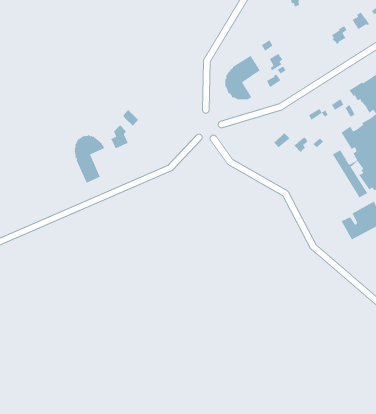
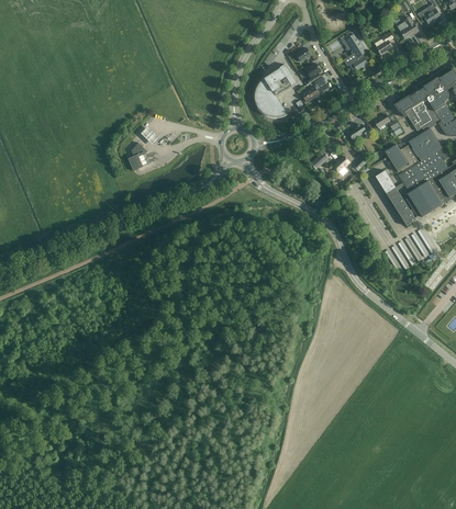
building: none -> [343,33,367,71]
building: [74,134,106,184] -> none

